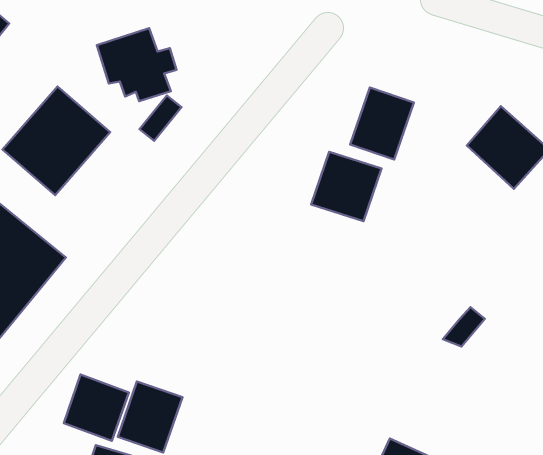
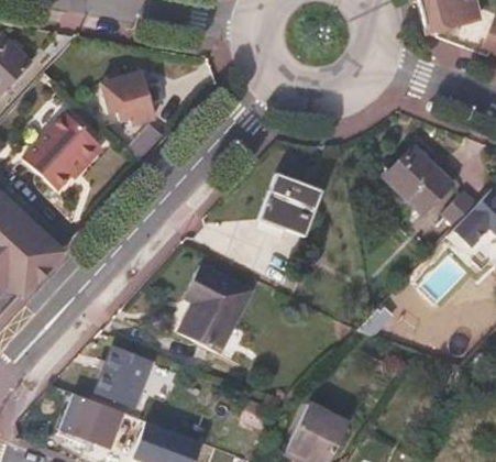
building: [350,87,414,160] -> none
building: none -> [178,263,250,351]
building: [64,375,129,441] -> none

